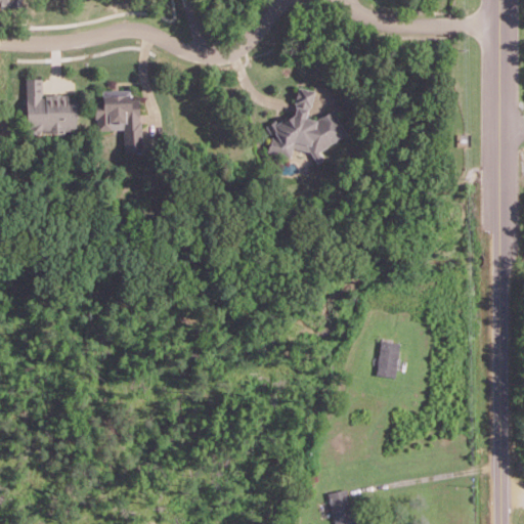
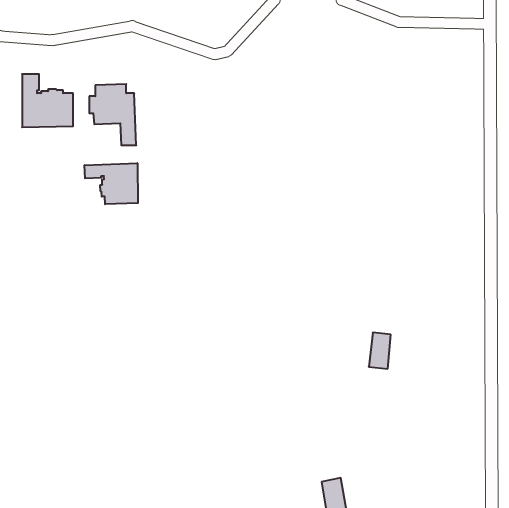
building: [266,89,346,164] -> none
building: none -> [85,163,138,204]

